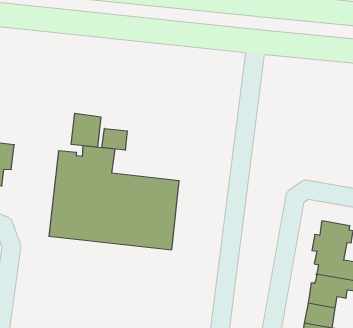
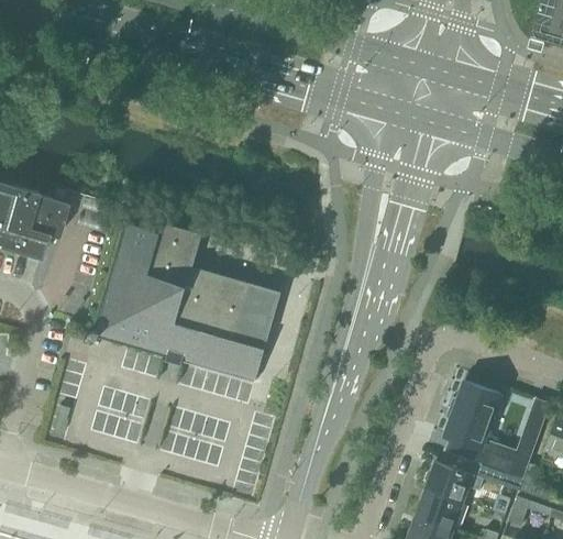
building: [71,113,101,147] -> none
building: [102,128,127,150] -> none

